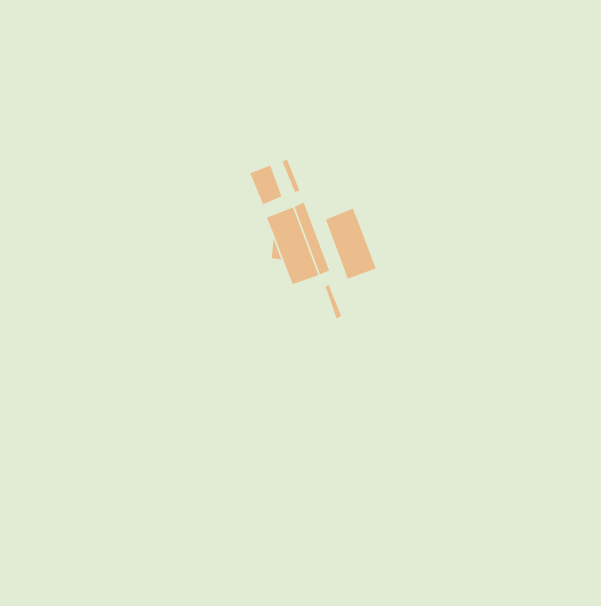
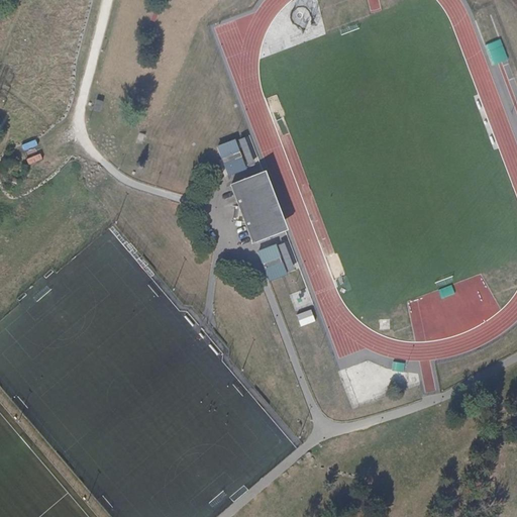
building: [325,207,377,280] -> none
building: none -> [260,243,289,279]

